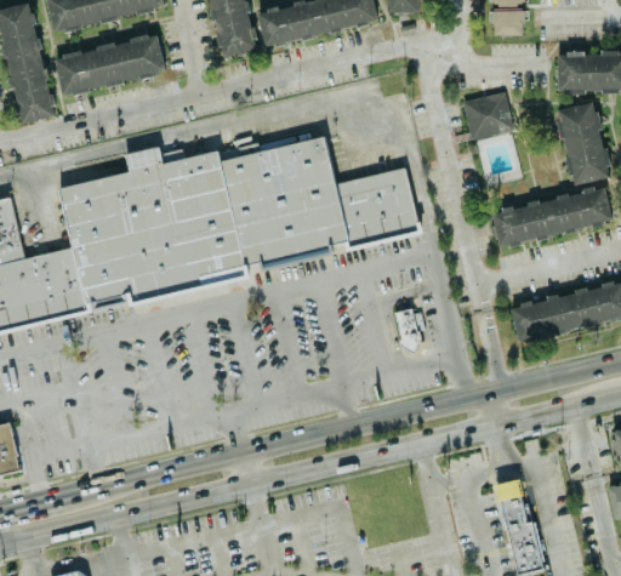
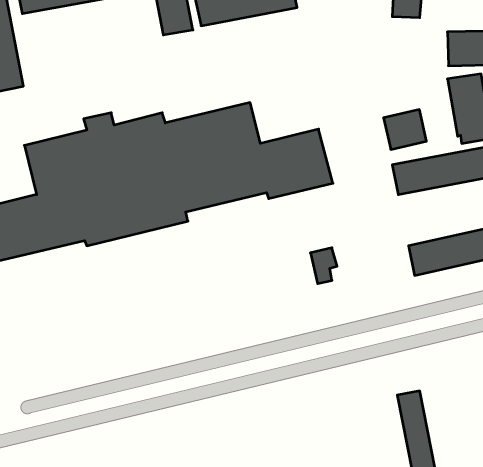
building: [55,34,166,95] -> none
building: [463,92,514,139] -> [384,110,426,149]

